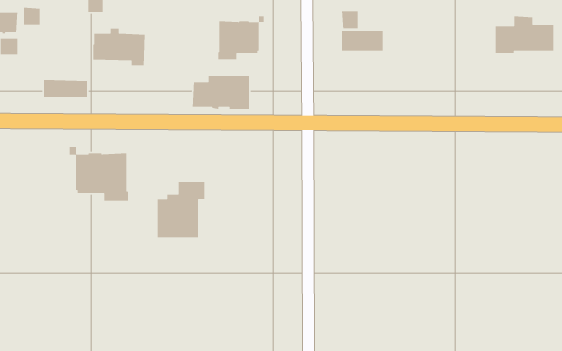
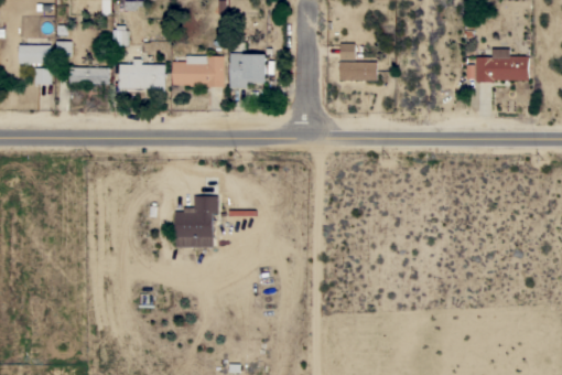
building: [192,75,250,110] -> [172,56,224,87]
building: [43,79,88,98] -> [69,67,109,84]
building: [69,146,129,201] -> none

